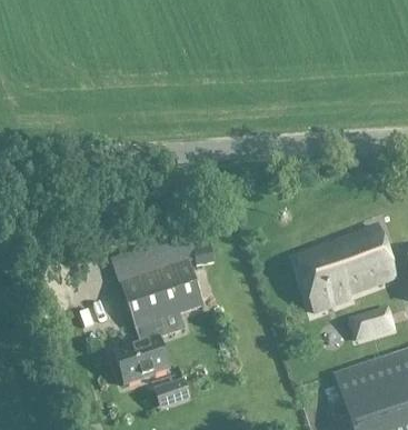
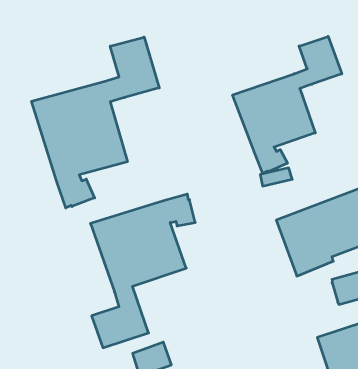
building: none -> [233,36,342,173]
building: none -> [32,37,159,208]

